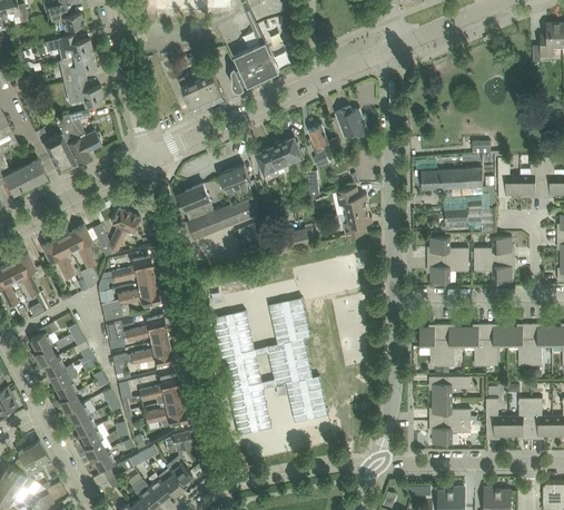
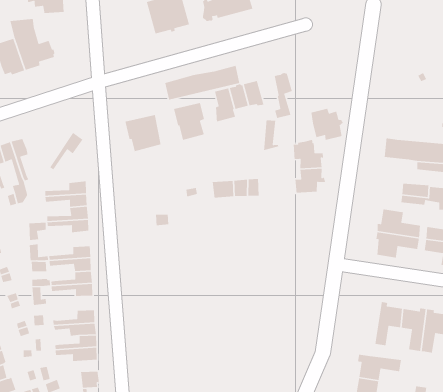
building: [335,107,368,138] -> [310,108,343,141]
building: [188,196,259,239] -> [164,65,240,101]
building: [91,208,129,256] -> none
building: [211,297,327,435] -> none
building: [419,325,442,366] -> none

